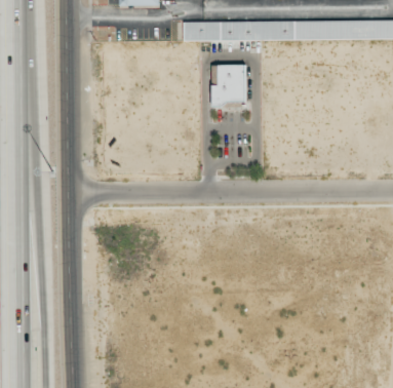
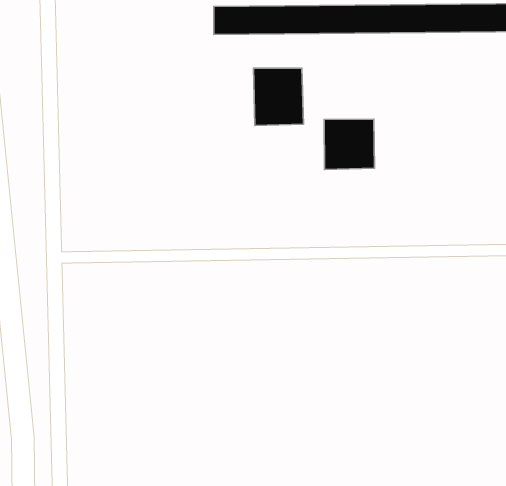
building: none -> [324,119,374,170]

